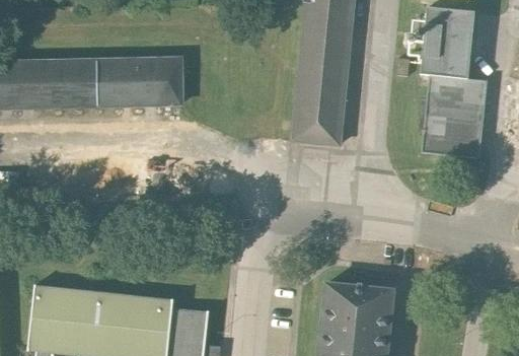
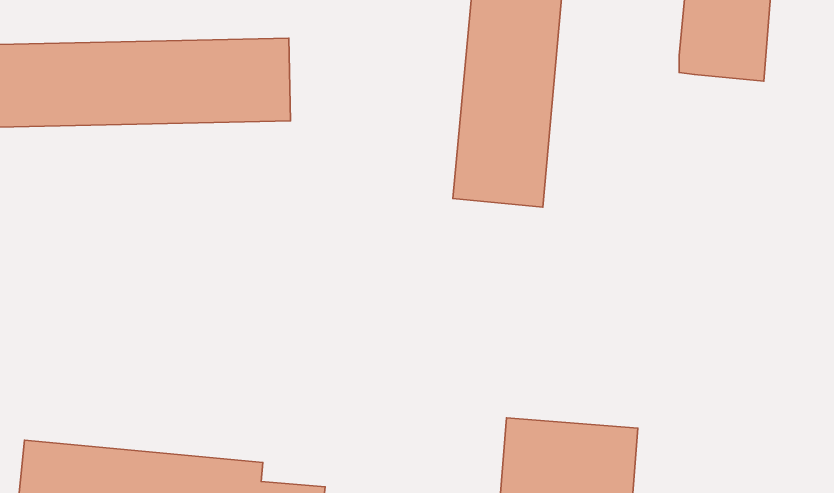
building: [423,75,489,157] -> none

